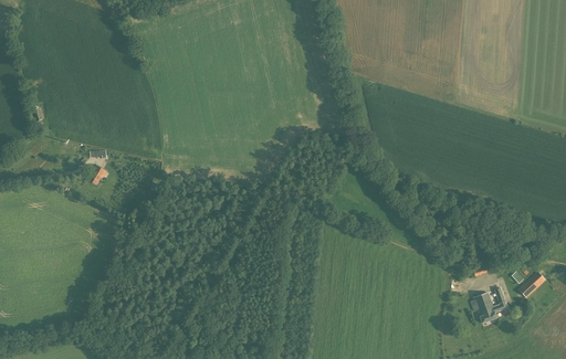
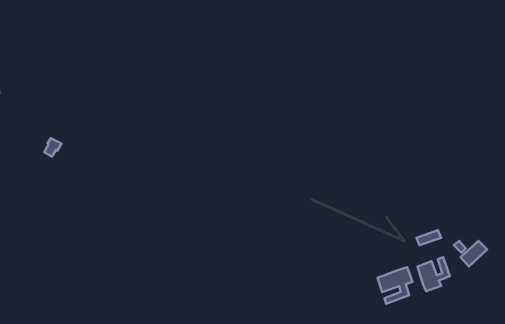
building: none -> [377,267,412,304]

